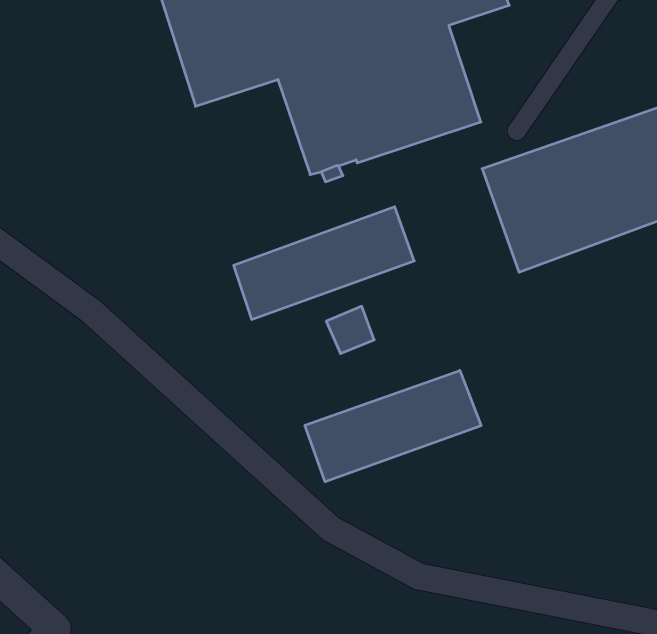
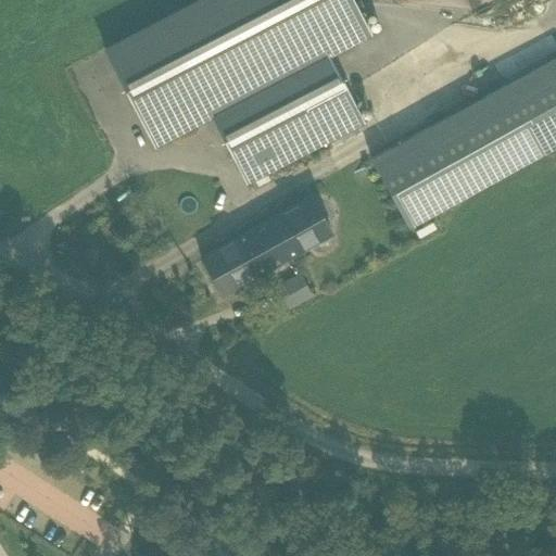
building: [305,370,481,482] -> none

